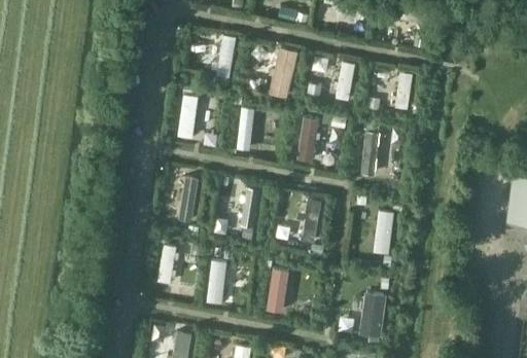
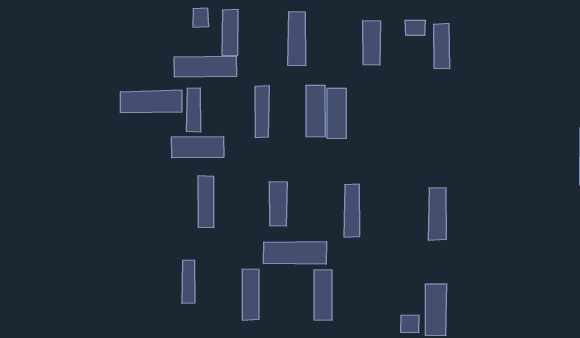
building: none -> [174,56,236,77]
building: none -> [120,90,182,113]
building: [361,132,383,177] -> [306,86,325,137]
building: none -> [171,136,224,158]
building: none -> [264,241,327,264]

